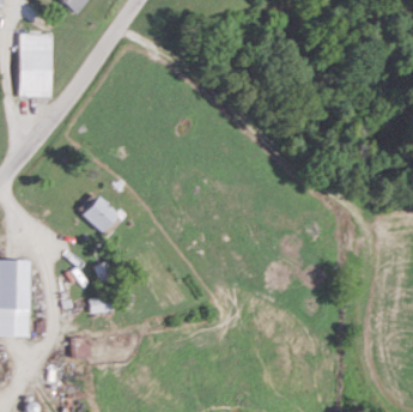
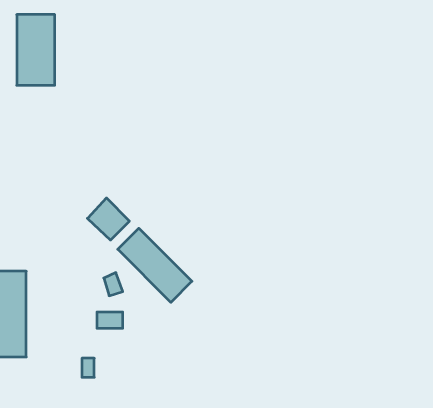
building: none -> [118,228,192,302]

